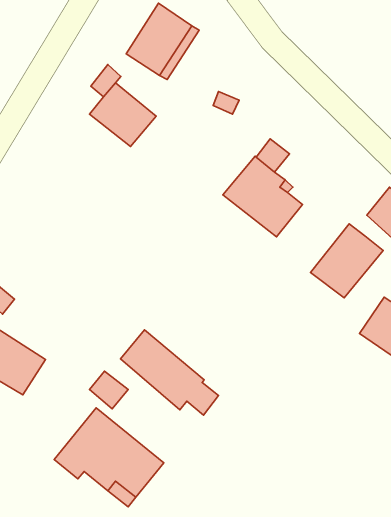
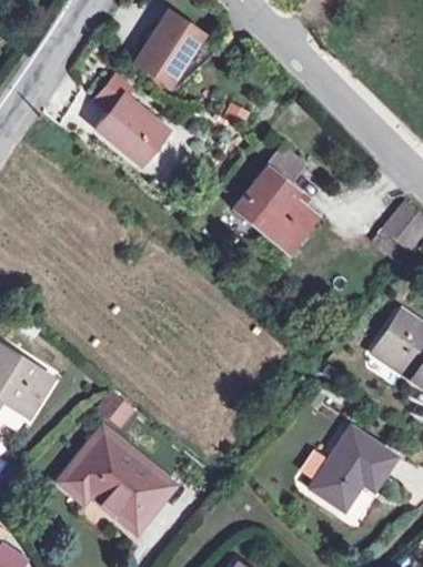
building: [310,224,383,298] -> none
building: [120,330,219,415] -> none
building: none -> [310,428,394,509]

